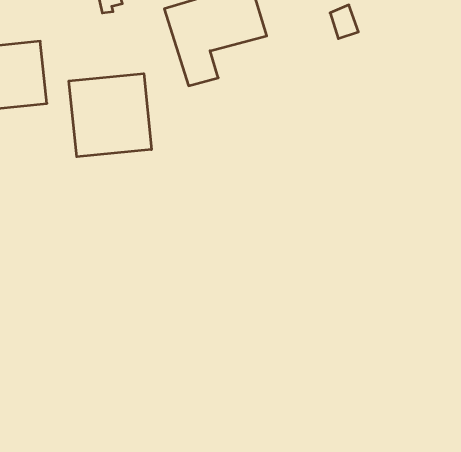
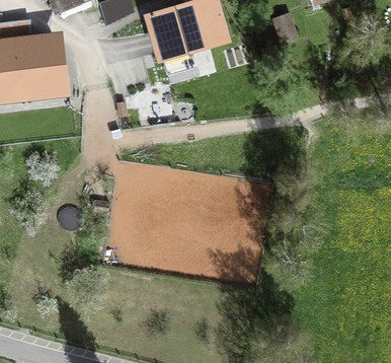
building: [69,74,151,157] -> none

